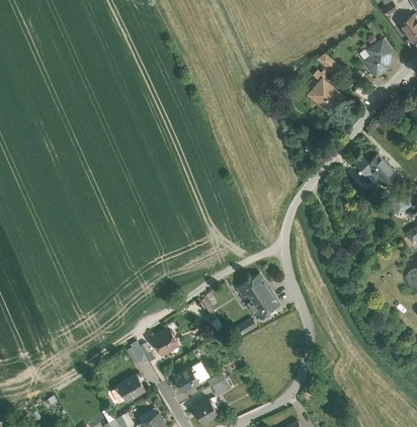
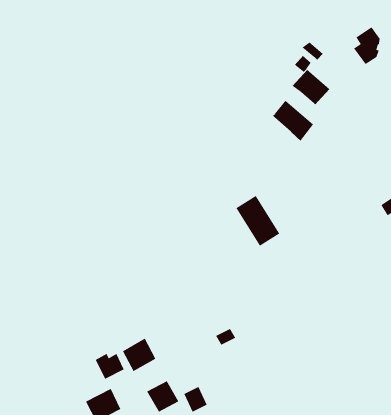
building: none -> [272,100,314,142]
building: [351,154,392,183] -> none
building: [241,272,282,320] -> [235,195,280,247]

